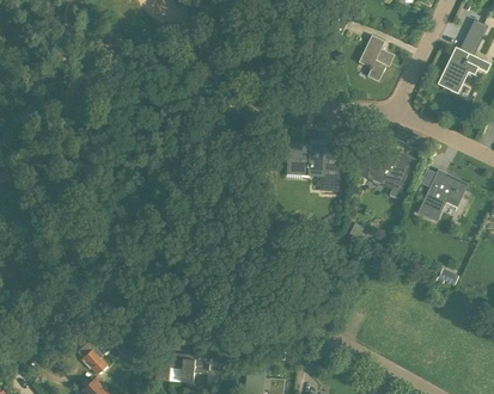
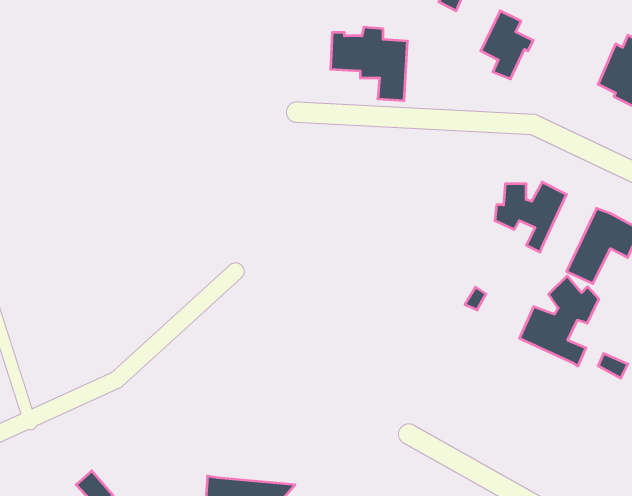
building: [288,140,341,190] -> [330,27,408,101]
building: none -> [520,276,599,366]

